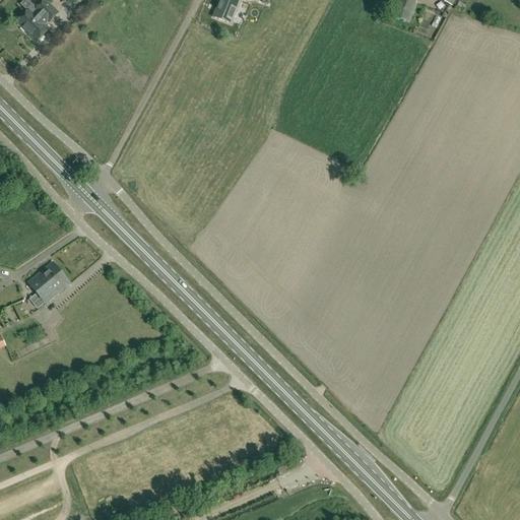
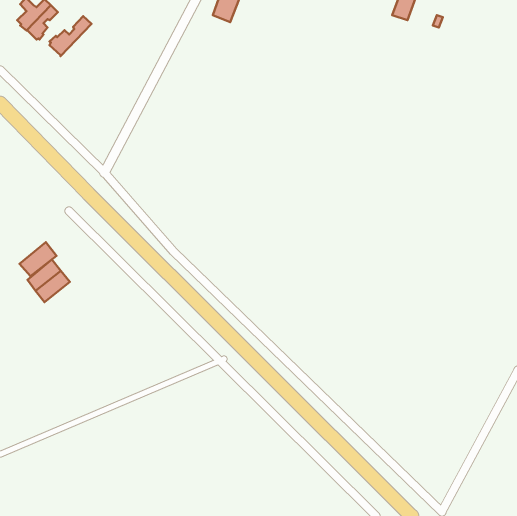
building: none -> [50,16,92,56]
building: none -> [20,242,56,276]

